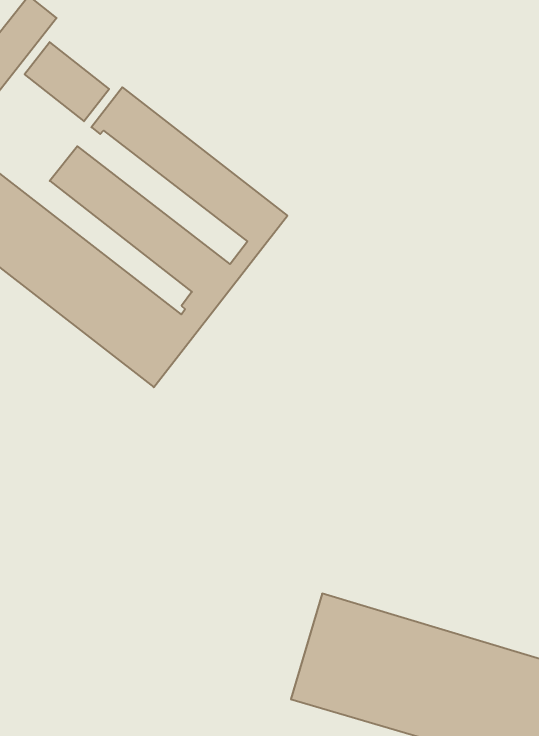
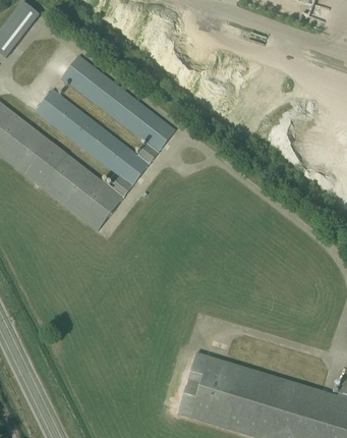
building: [25,42,109,121] -> none

